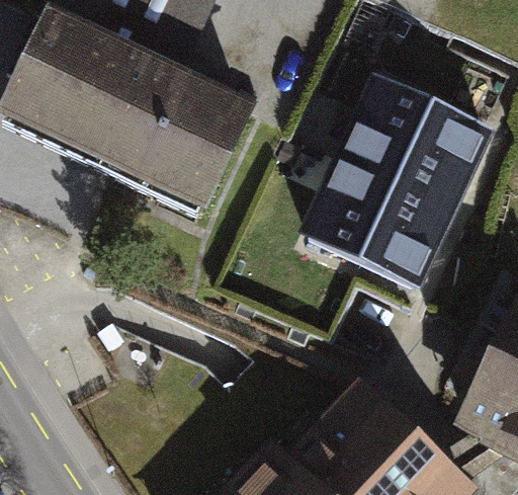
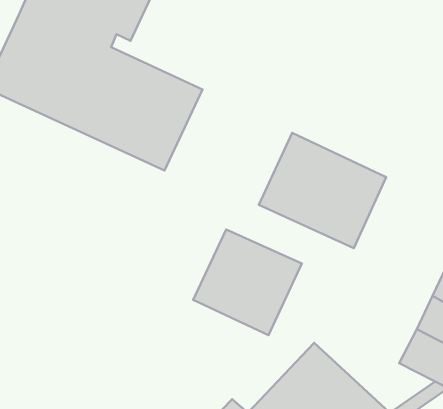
building: [345,79,486,208] -> none
building: none -> [193,230,302,335]

